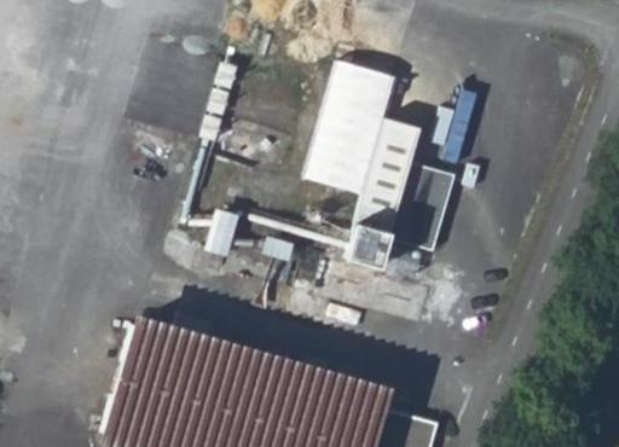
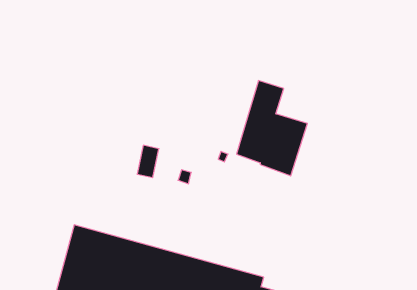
building: [305,63,393,197] -> none
building: [340,219,384,263] -> none

